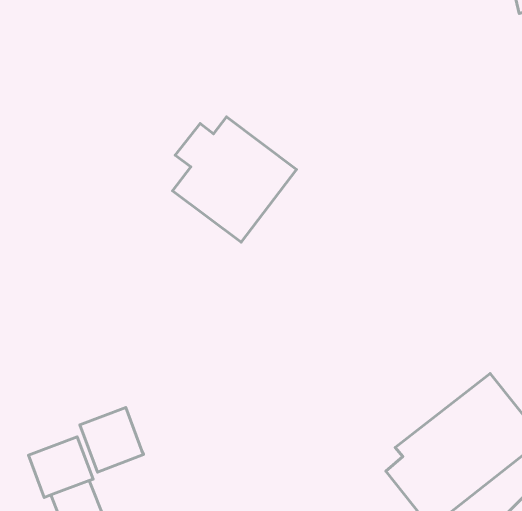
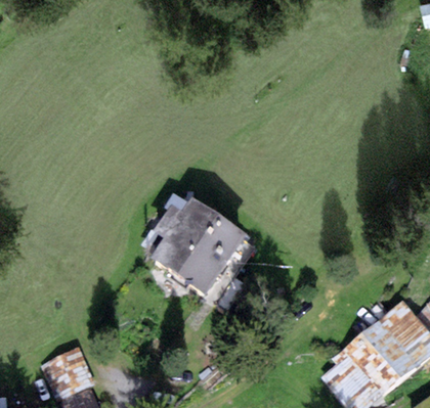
building: [172,117,296,242] -> [149,201,246,299]
building: [80,407,144,472] -> none

